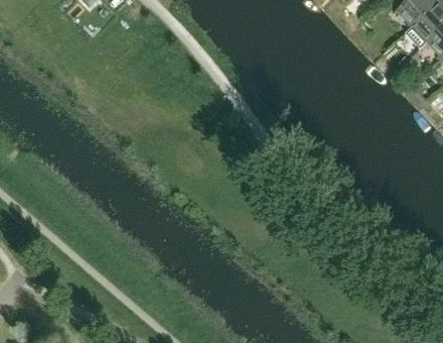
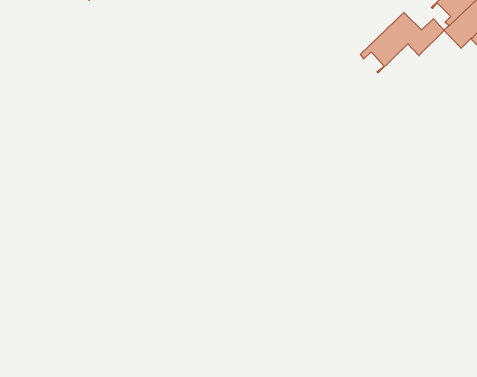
building: none -> [361,12,444,73]

